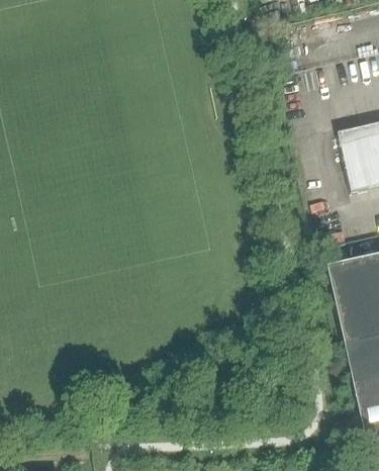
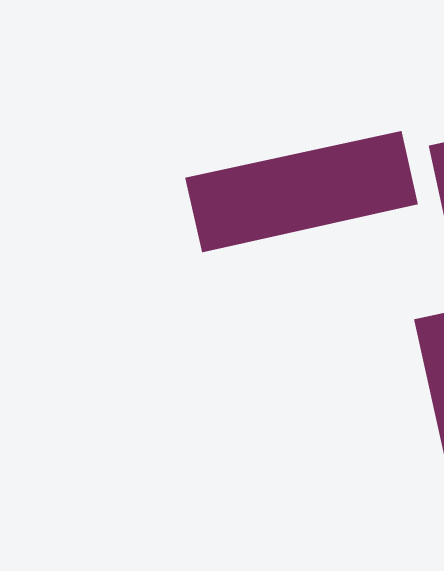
building: none -> [185,130,419,253]

